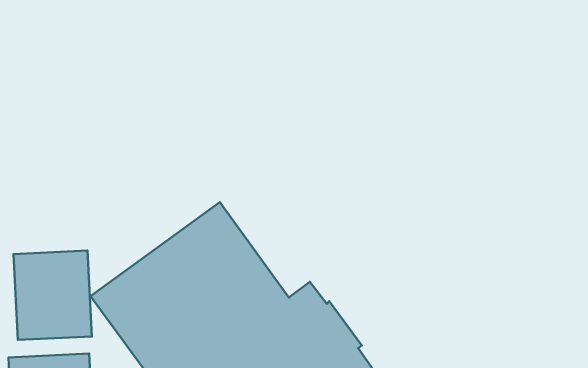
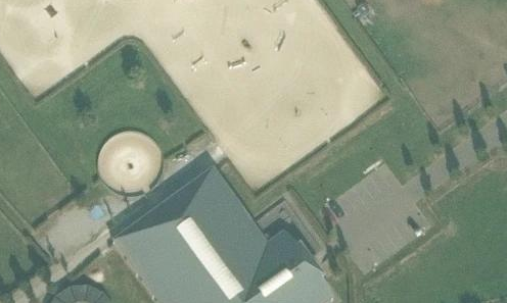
building: [14,251,92,340] -> none

